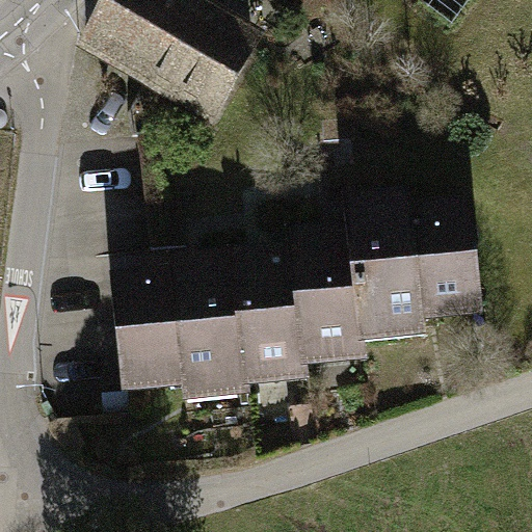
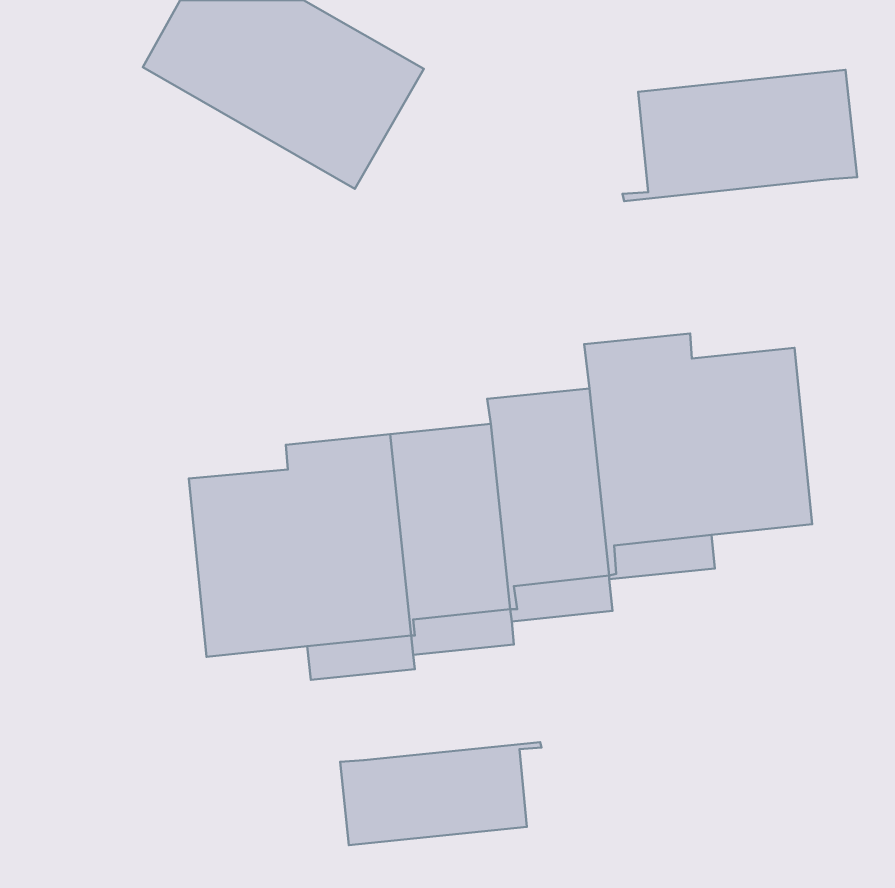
building: none -> [623,70,857,201]
building: none -> [340,742,542,845]

